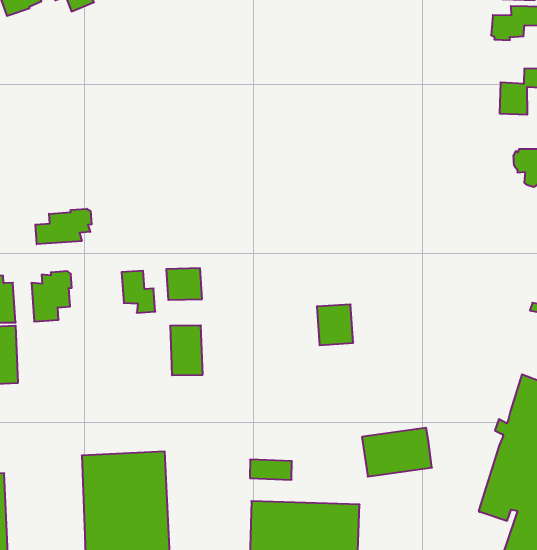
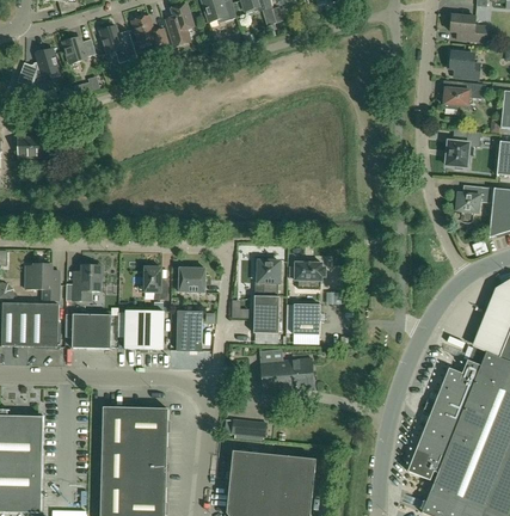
building: [35,209,92,244] -> none
building: none -> [253,256,278,332]
building: none -> [289,262,325,288]
building: none -> [117,309,164,349]
building: none -> [72,313,110,348]
building: [362,428,432,477] -> [262,358,314,393]

